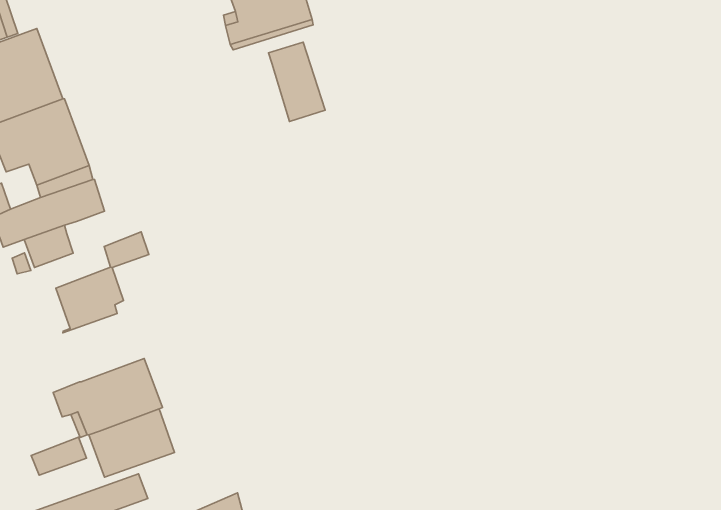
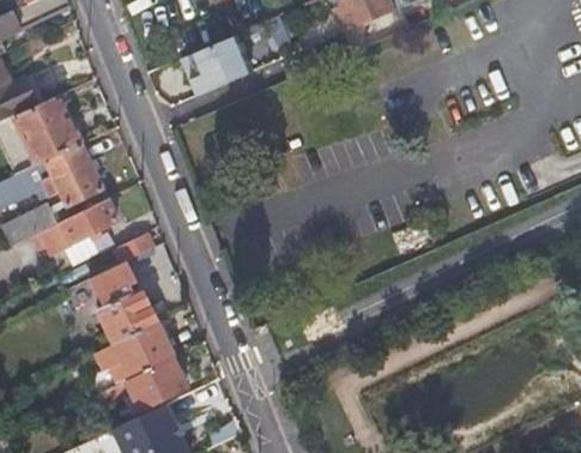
building: [269,42,325,122] -> none
building: none -> [96,288,156,343]

